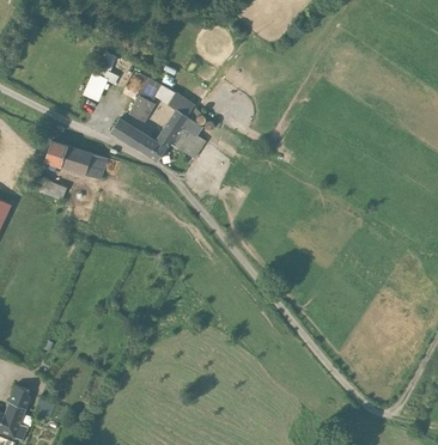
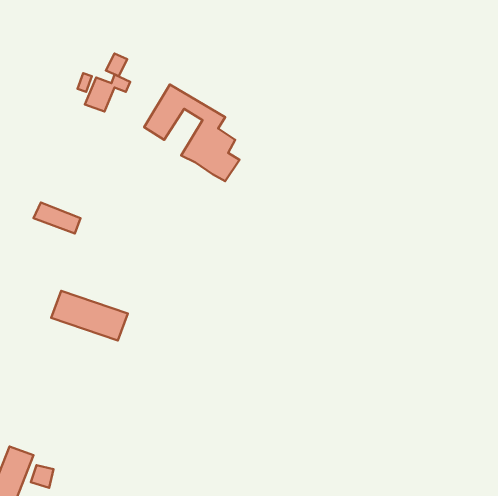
building: [111,114,171,161] -> none
building: [43,140,108,182] -> [51,291,128,341]

